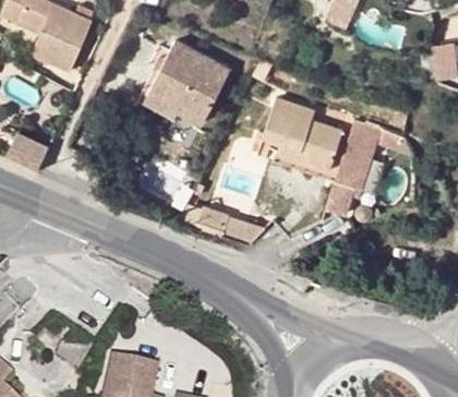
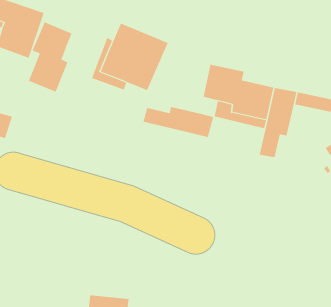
building: none -> [28,22,72,93]
building: none -> [143,106,214,138]

